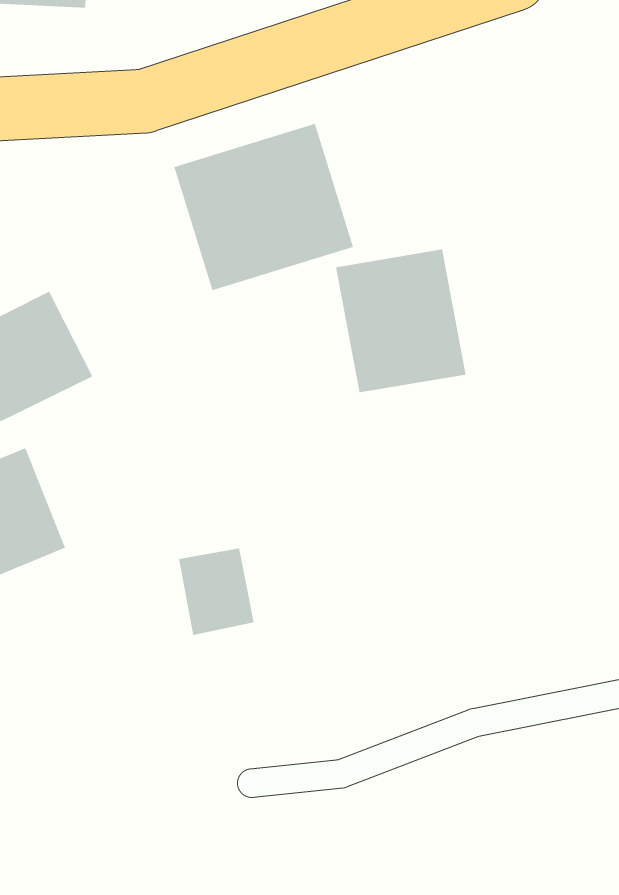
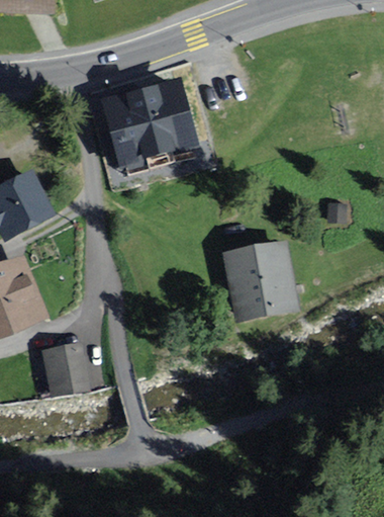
building: [335,249,466,393] -> [221,241,294,321]
building: [178,548,255,635] -> [42,342,85,391]

